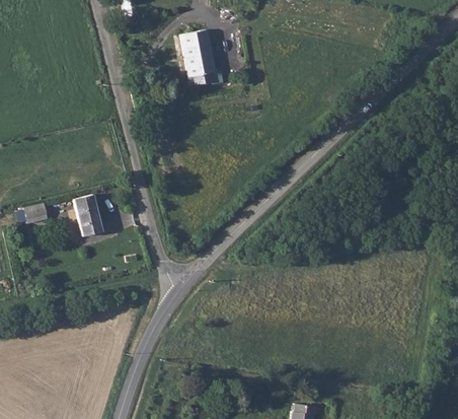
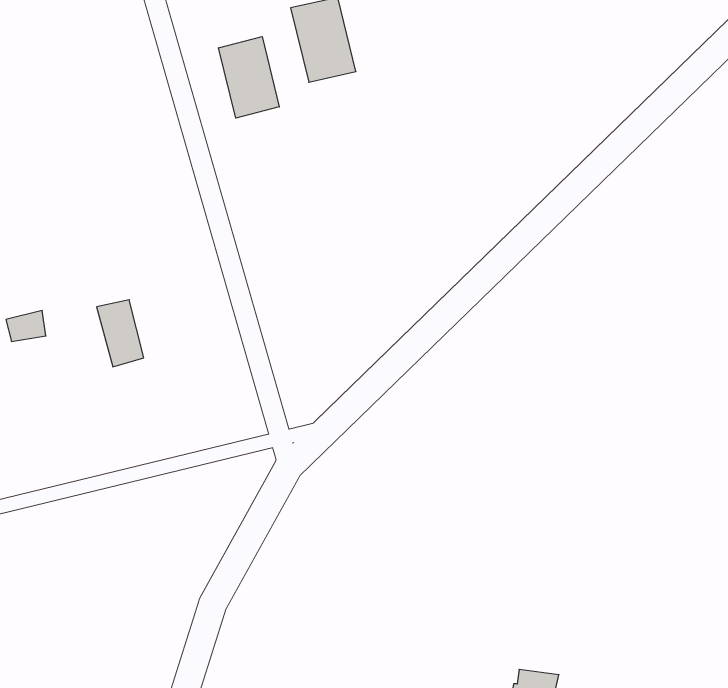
building: none -> [219,37,279,118]

